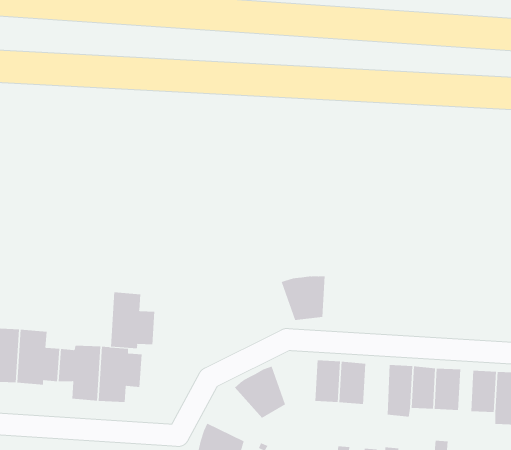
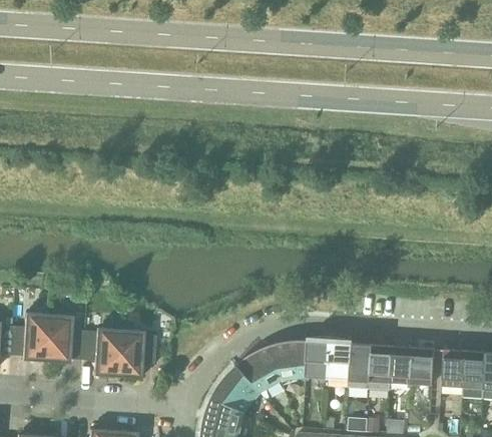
building: [281,276,325,321] -> [269,341,308,380]
building: [110,292,155,349] -> none
building: none -> [348,344,371,389]
building: none -> [211,365,260,412]

